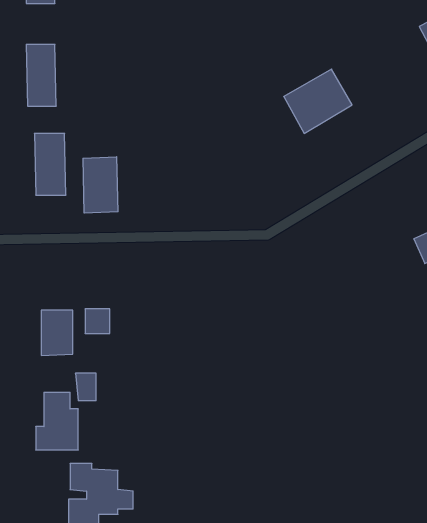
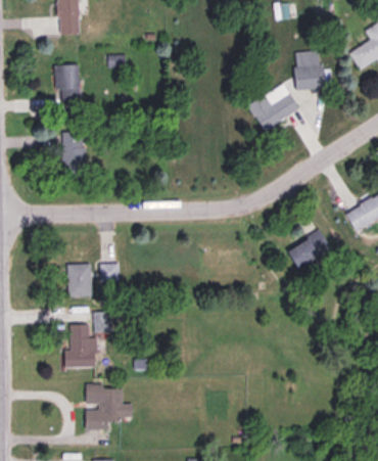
building: none -> [292,50,325,90]
building: [83,157,118,213] -> none
building: none -> [286,229,330,269]

